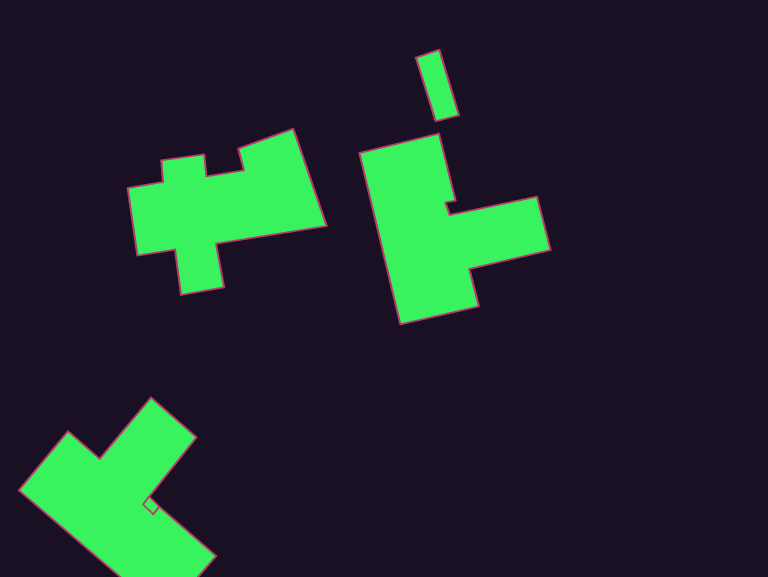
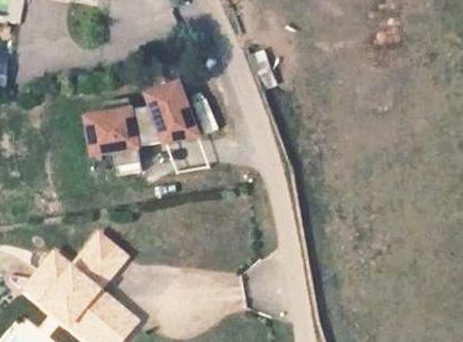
building: [359,133,550,324] -> none

